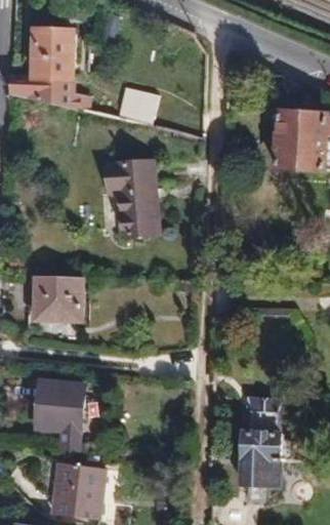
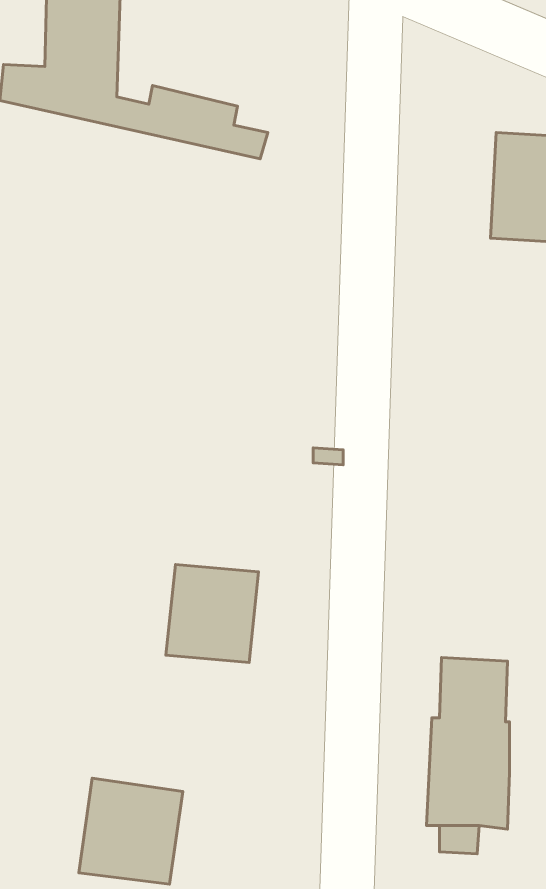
building: [107,158,159,238] -> none
building: [34,275,82,321] -> none
building: [35,379,85,433] -> [166,564,258,663]

